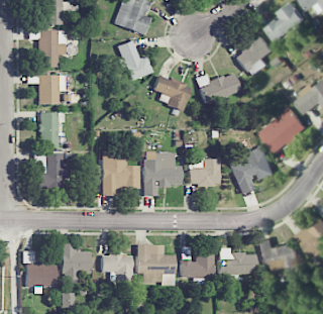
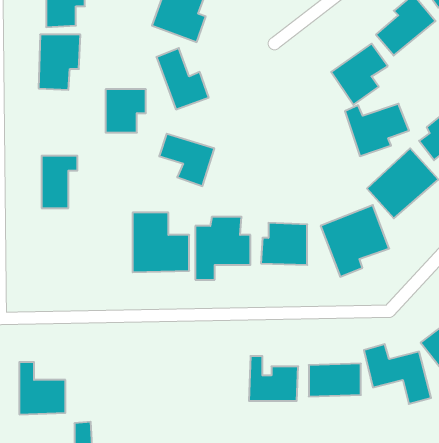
building: [197,73,240,108] -> [345,104,409,156]
building: [37,75,65,104] -> [106,89,146,133]
building: [153,76,191,111] -> [159,134,214,186]
building: [38,152,70,189] -> none
building: [61,243,91,280] -> none
building: [137,244,175,284] -> none
building: [101,254,132,282] -> none

